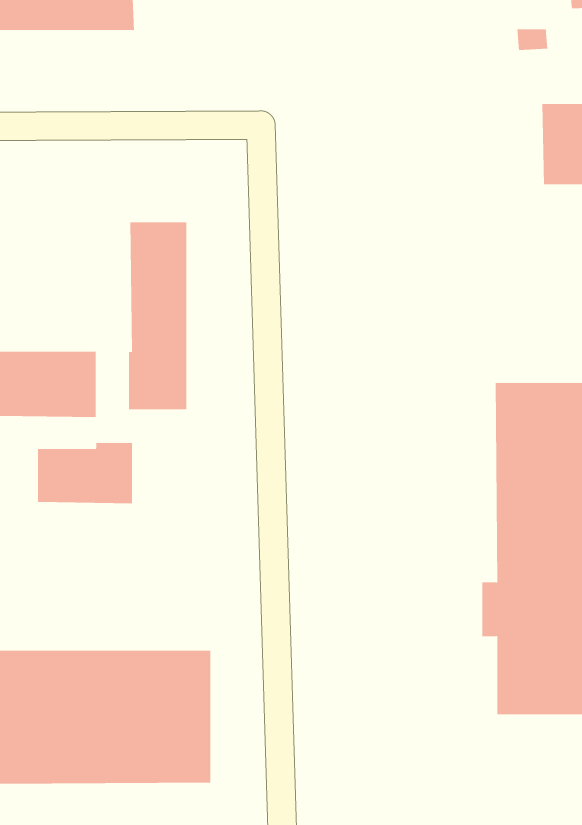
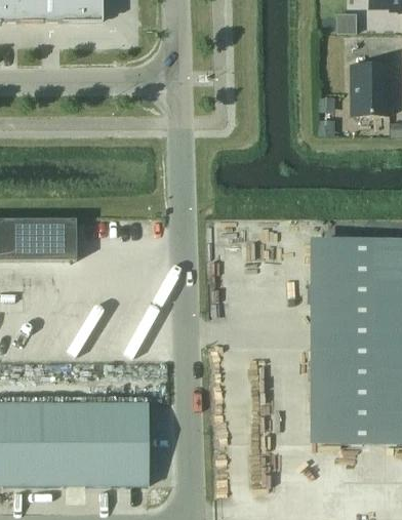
building: [129,221,187,410] -> none
building: [37,442,133,504] -> none

